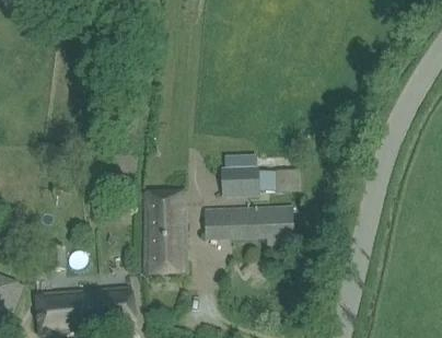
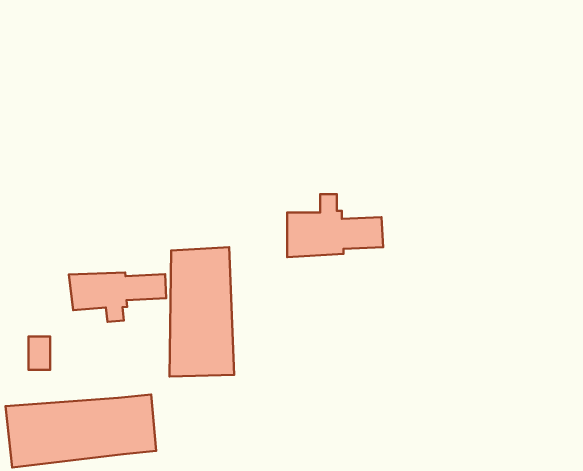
building: none -> [69,272,166,322]
building: [203,208,293,237] -> none

